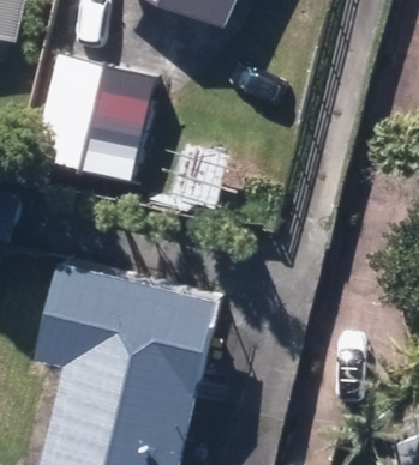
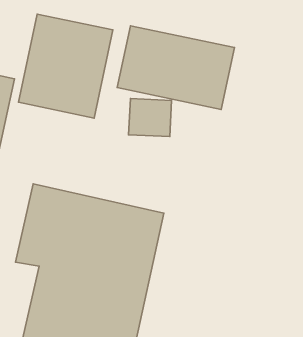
building: none -> [117,26,234,110]

